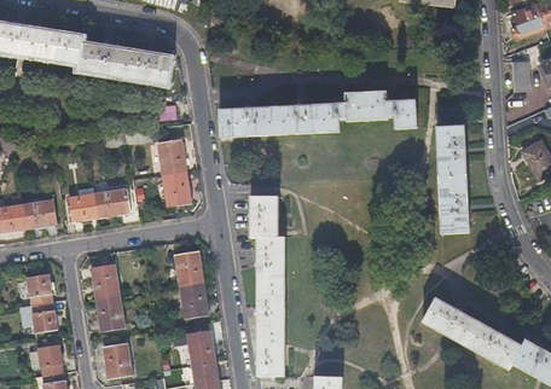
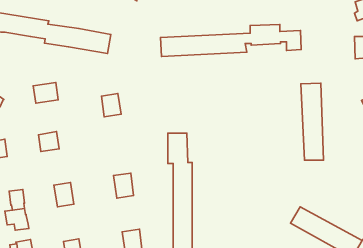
building: [219,91,416,135] -> [161,24,301,56]
building: [161,168,191,204] -> none
building: [94,187,129,216] -> [33,82,58,103]
building: [22,199,56,227] -> none
building: [179,281,207,315] -> none
building: [95,294,122,327] -> none

